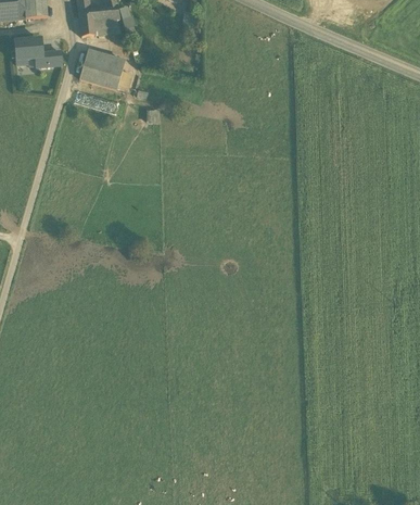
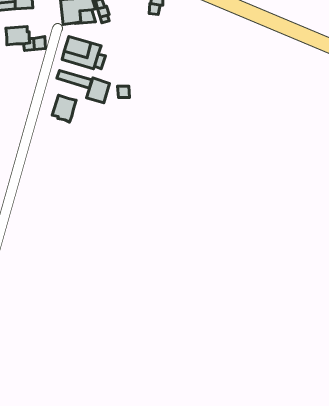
building: none -> [87,78,109,103]
building: none -> [52,95,76,122]

